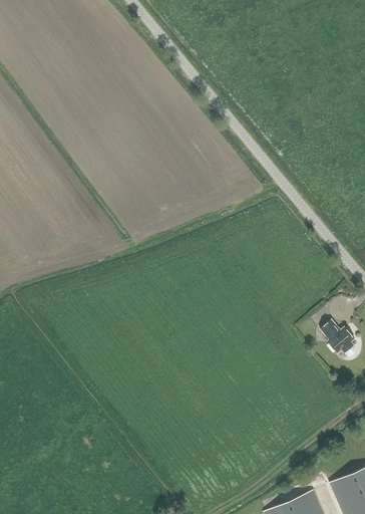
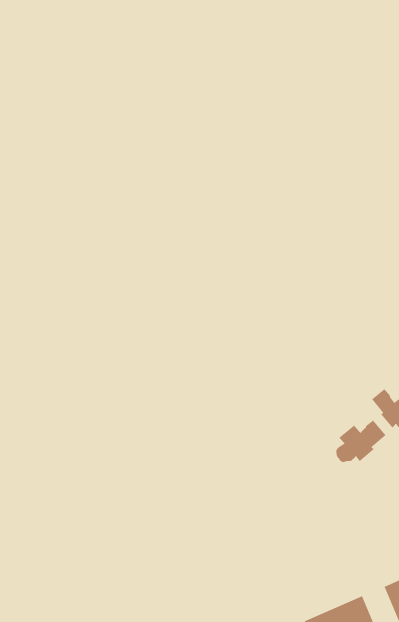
building: none -> [335,419,386,463]

